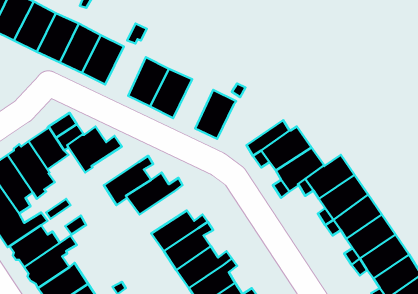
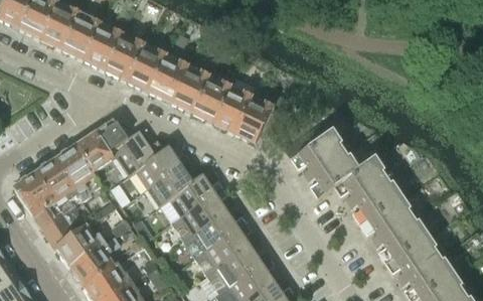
building: none -> [147,54,186,102]
building: none -> [212,86,251,133]
building: none -> [134,147,188,187]
building: none -> [180,187,226,234]

